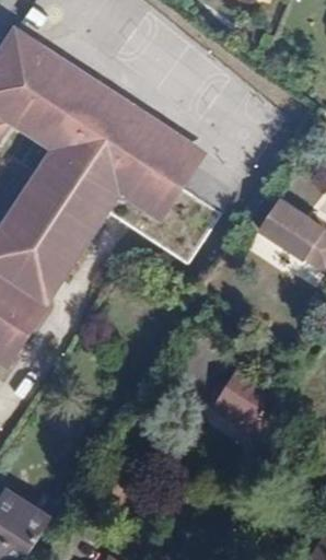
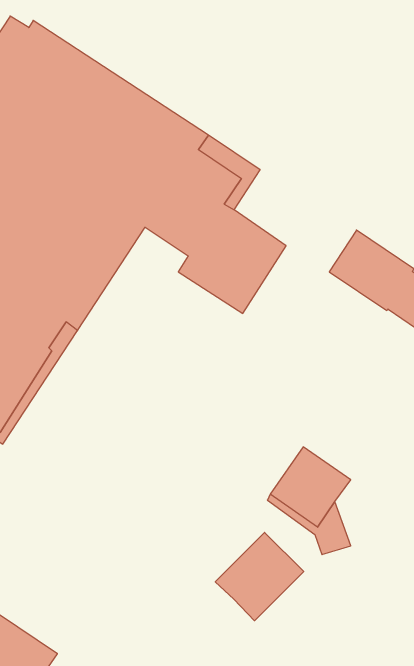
building: none -> [215,532,304,621]

